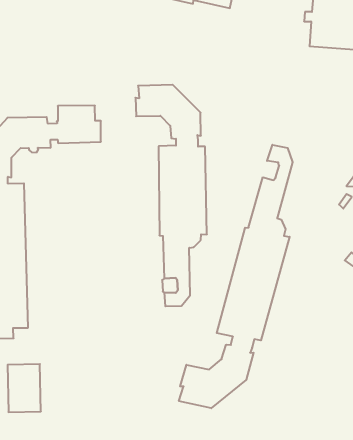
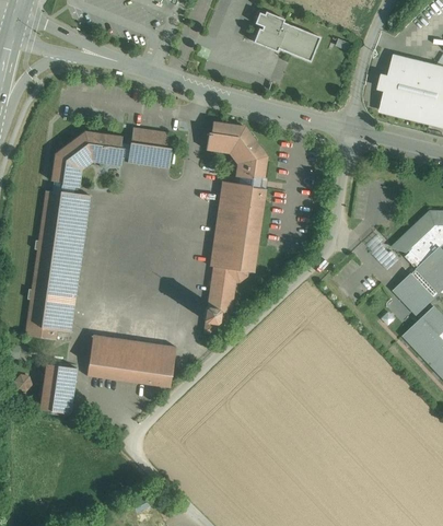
building: [179,145,293,408] -> none
building: none -> [86,334,176,386]

